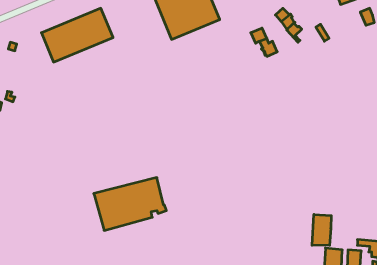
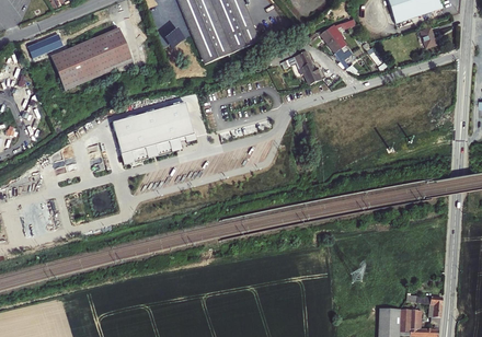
building: [94,178,166,230] -> [112,104,196,165]
building: [312,214,331,245] -> none

